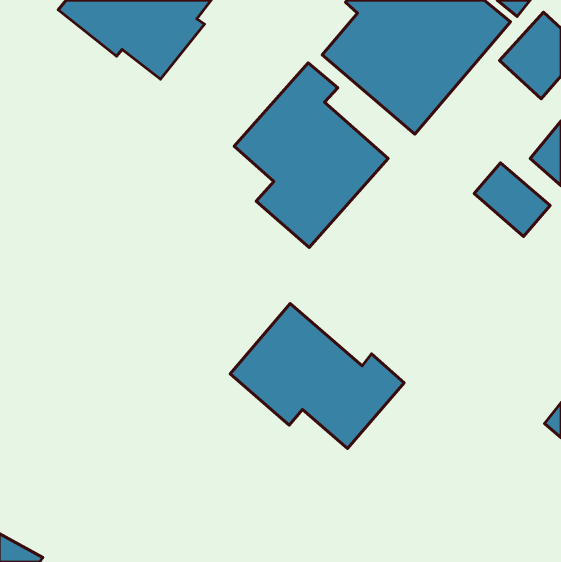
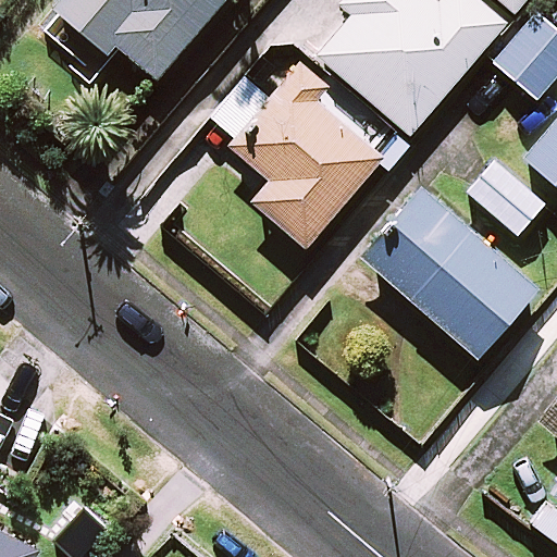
building: none -> [364,189,537,377]
building: [230,303,404,448] -> none

